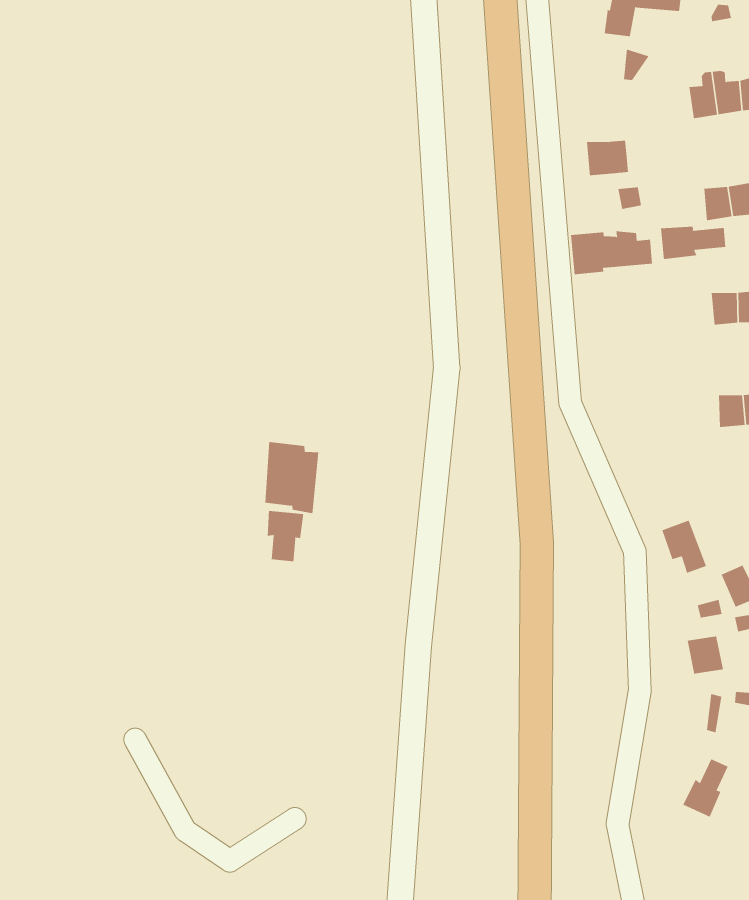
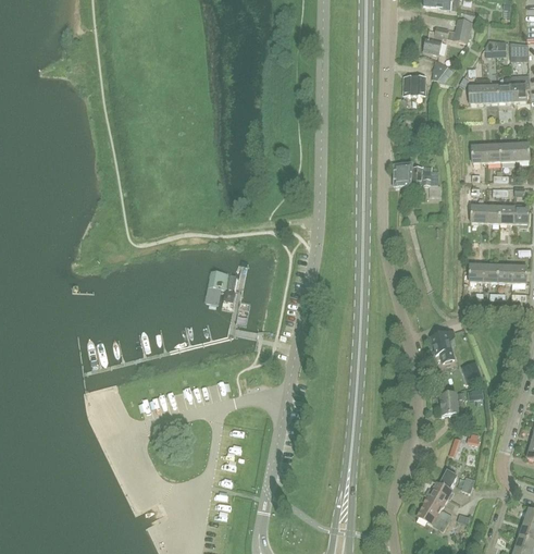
building: [586,140,629,176] -> [403,75,426,95]
building: [660,226,726,260] -> none
building: [267,510,304,562] -> none
building: none -> [417,494,450,530]

